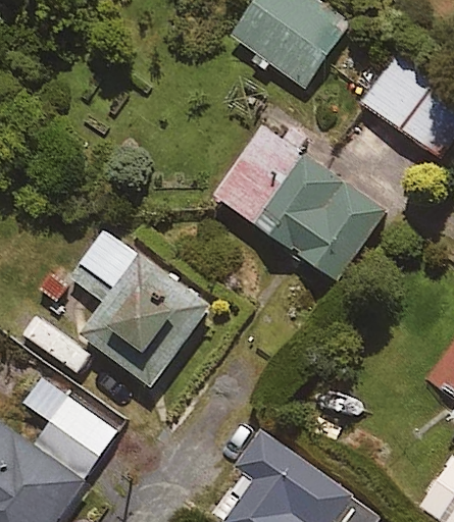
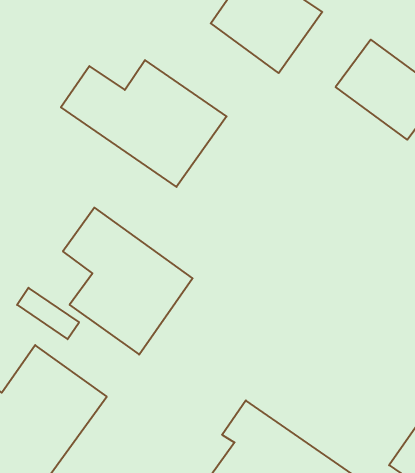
building: none -> [61,60,227,187]
building: [214,126,386,280] -> none

